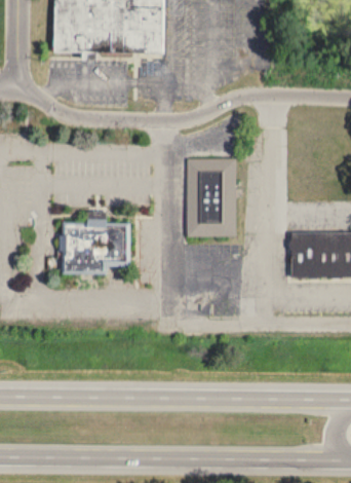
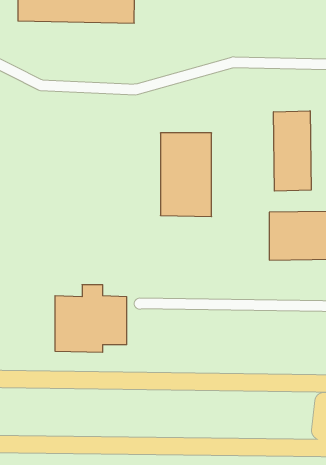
building: none -> [274,111,311,191]
building: [62,212,129,275] -> [55,285,127,352]

